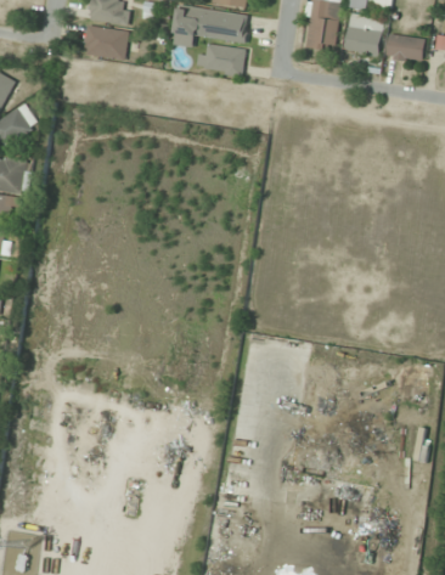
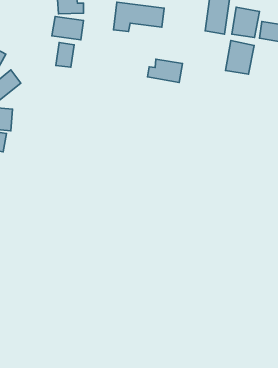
building: [195,43,246,77] -> [148,59,183,83]
building: none -> [225,41,254,74]
building: none -> [56,43,74,67]

